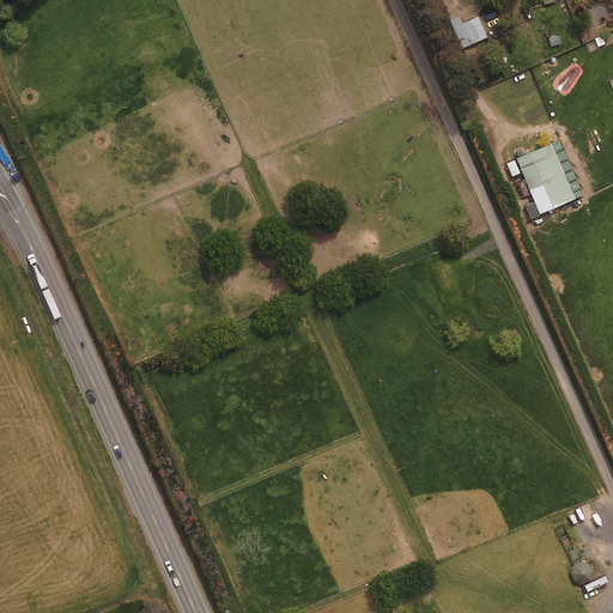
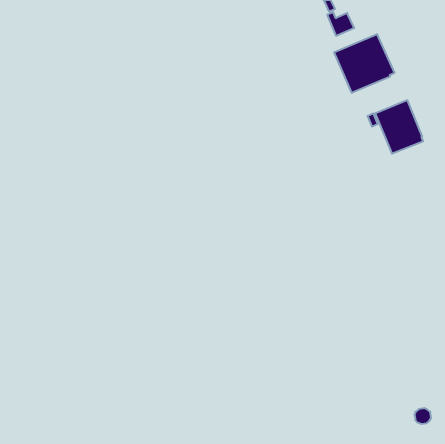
building: none -> [334,34,394,93]

